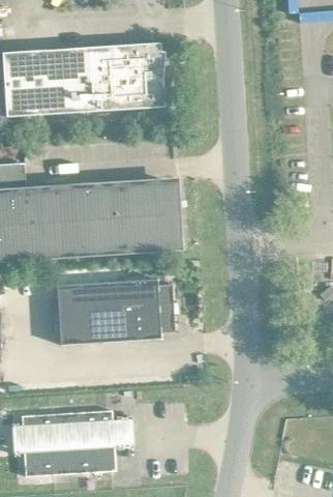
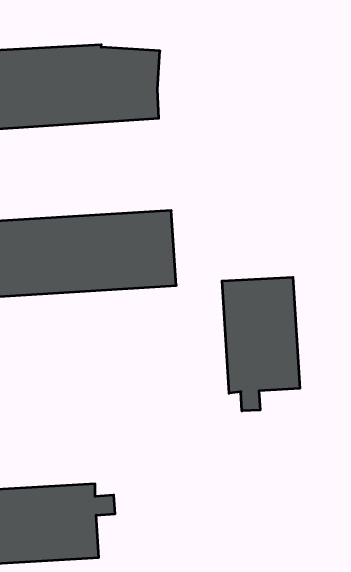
building: none -> [222,277,300,411]
building: [58,279,177,345] -> none

